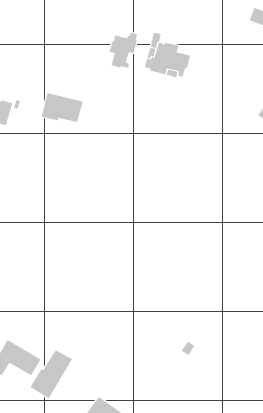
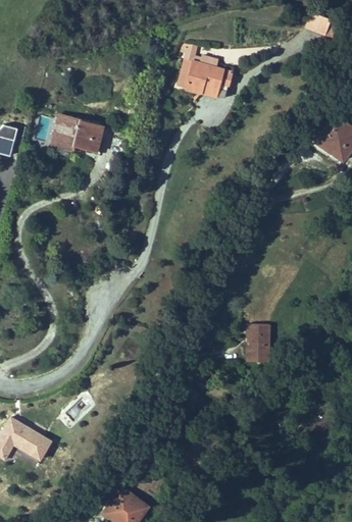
building: [109,32,138,69] -> none
building: none -> [246,325,270,362]
building: [30,349,73,399] -> none

